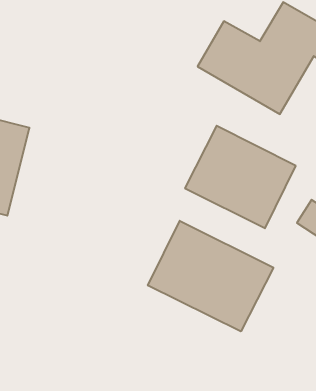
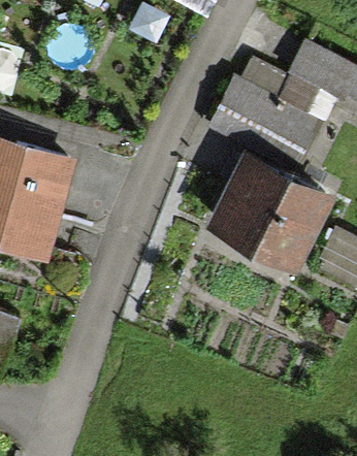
building: [148,221,273,331] -> none

